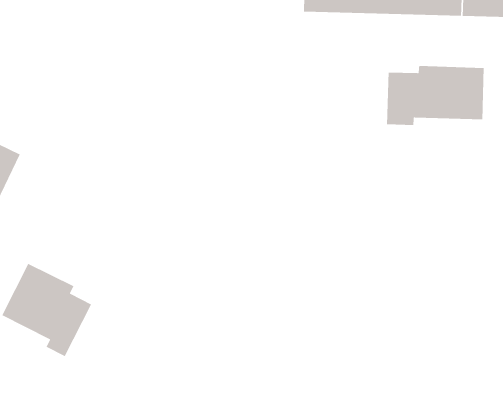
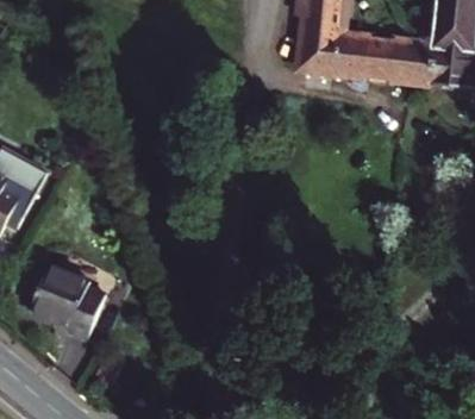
building: [386,65,484,126] -> none

